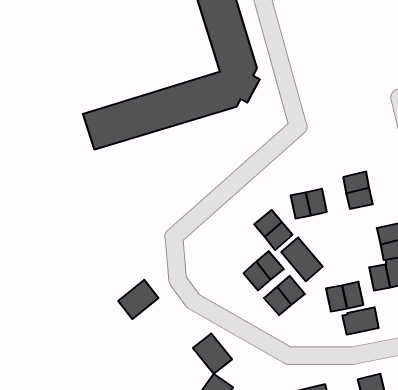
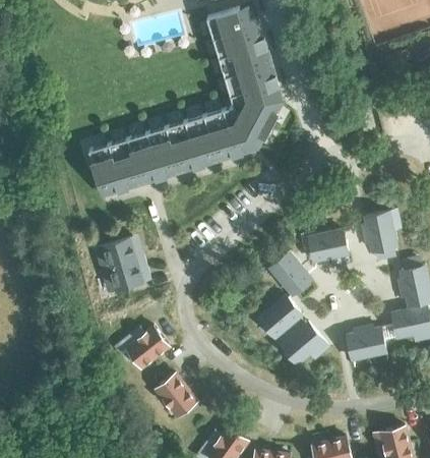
building: none -> [95,240,150,291]
building: [281,237,323,281] -> none
building: [342,307,378,335] -> none
building: [193,333,232,374] -> [156,375,197,417]

